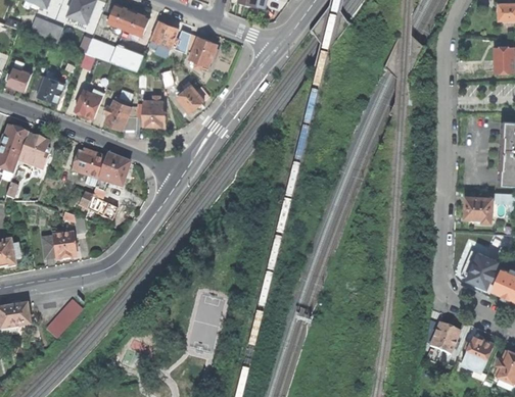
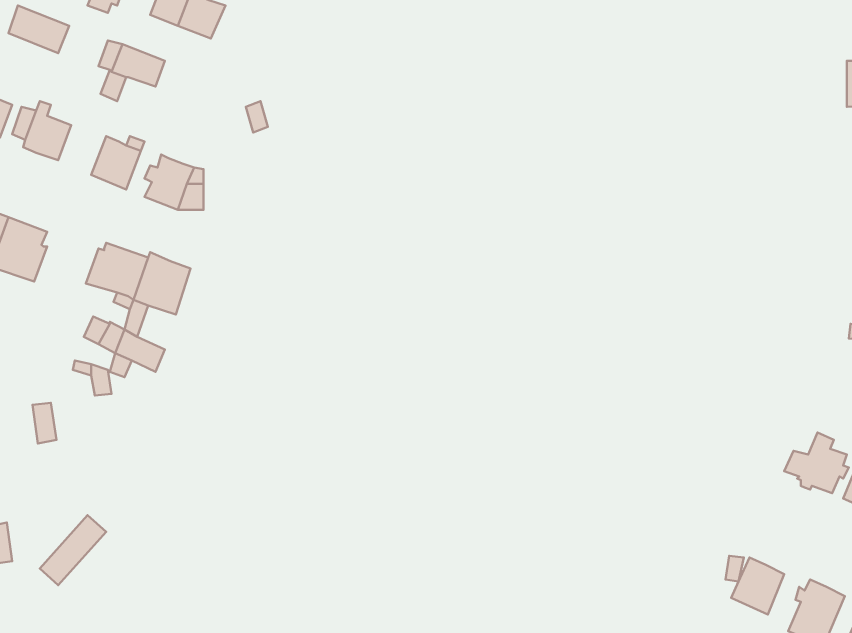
building: [149,20,178,47] -> none
building: [188,36,216,68] -> none
building: [110,45,143,71] -> none
building: [176,81,209,112] -> none
building: [143,95,166,126] -> none
building: [464,191,493,222] -> none
building: [52,233,76,259] -> none

